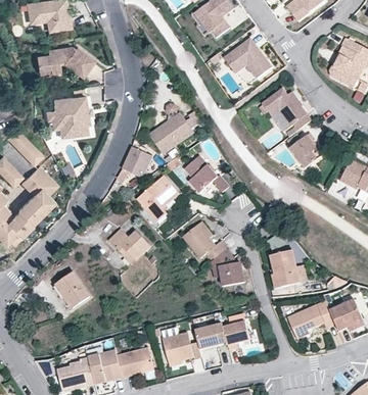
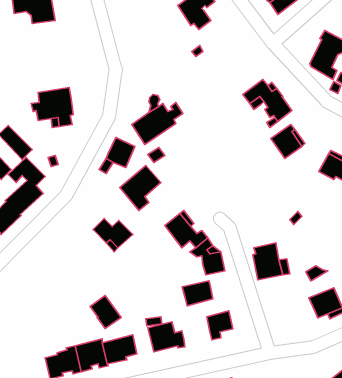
building: [224,37,272,78] -> none
building: [34,45,93,77] -> none
building: [184,154,229,191] -> none
building: [56,273,88,306] -> [90,295,121,328]
building: [287,300,335,338] -> none
building: [196,326,228,351] -> [182,281,213,306]

